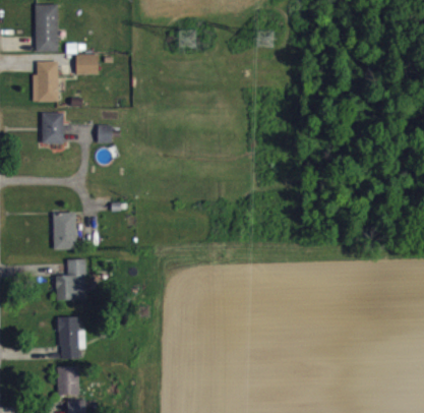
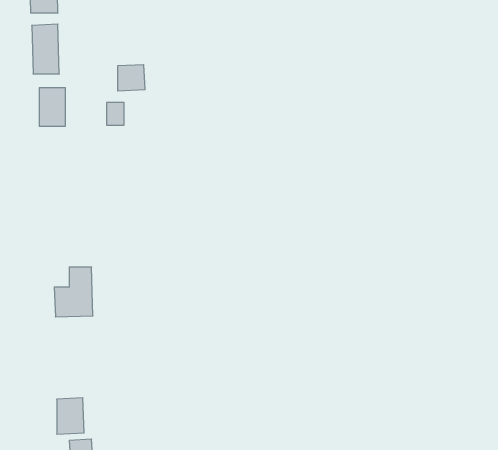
building: [76,54,99,75] -> [118,65,145,91]
building: [53,213,76,250] -> none
building: [59,316,85,359] -> none

